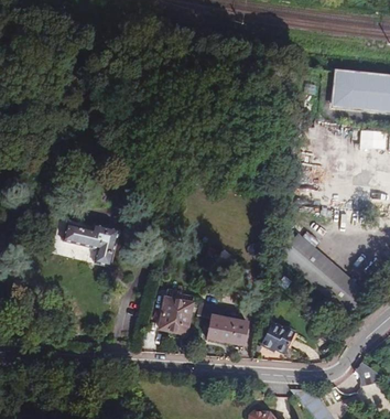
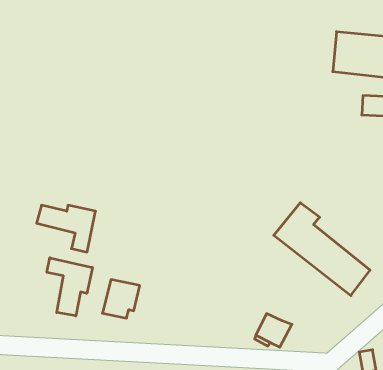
building: none -> [47,258,92,316]
building: [156,298,191,333] -> [102,280,140,318]
building: [206,307,247,344] -> none

